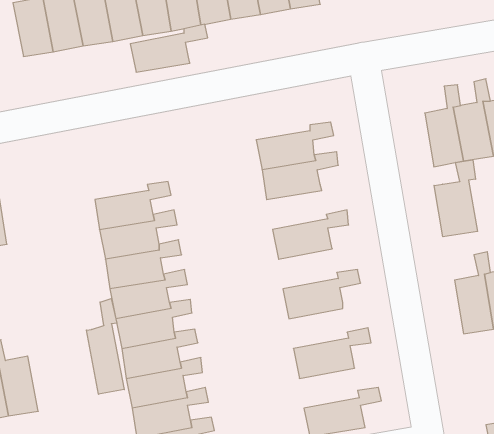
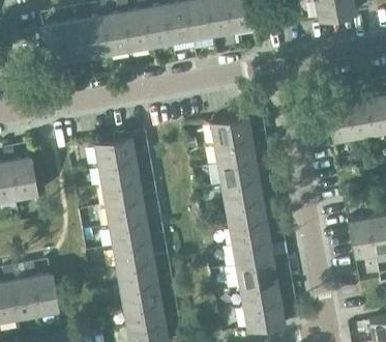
building: [130,24,208,72] -> [93,133,147,166]
building: [434,160,478,237] -> none
building: none -> [216,152,270,187]
building: none -> [225,194,277,228]
building: none -> [232,234,285,269]
building: [86,299,124,394] -> none
building: none -> [239,276,292,311]

